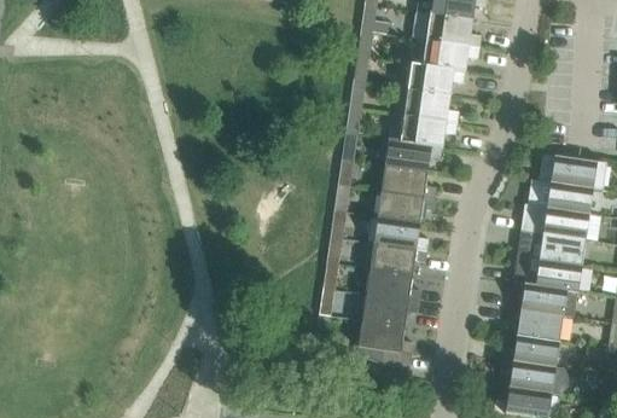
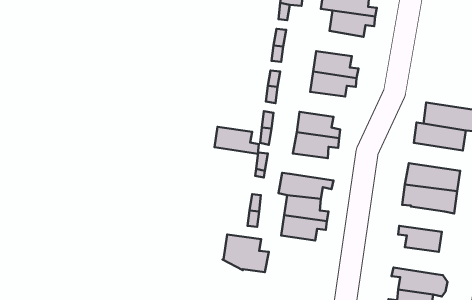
building: [406,63,465,95] -> none
building: [385,139,442,172] -> none
building: [522,204,589,239] -> none
building: [373,217,429,251] -> [214,127,259,154]
building: [510,284,578,317] -> none
building: [356,320,414,367] -> [222,234,269,272]
building: [502,335,559,368] -> none

